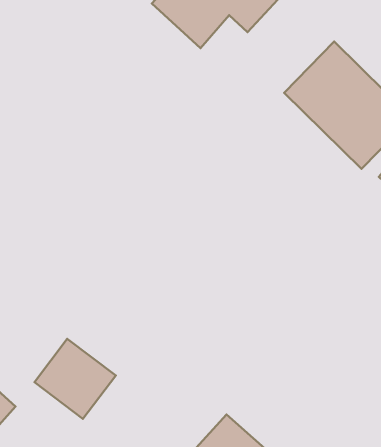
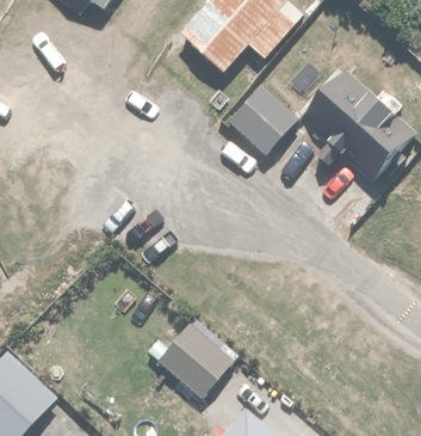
building: none -> [229,86,298,154]
building: [34,339,116,419] -> [157,325,231,398]

